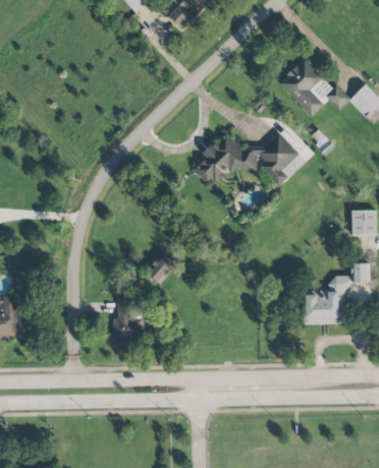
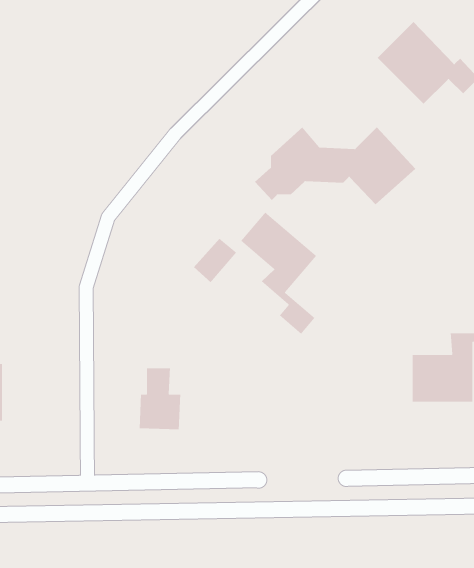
building: none -> [240,211,317,335]
building: [146,253,176,285] -> [193,238,237,283]

